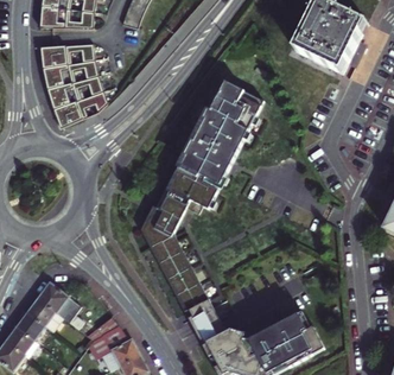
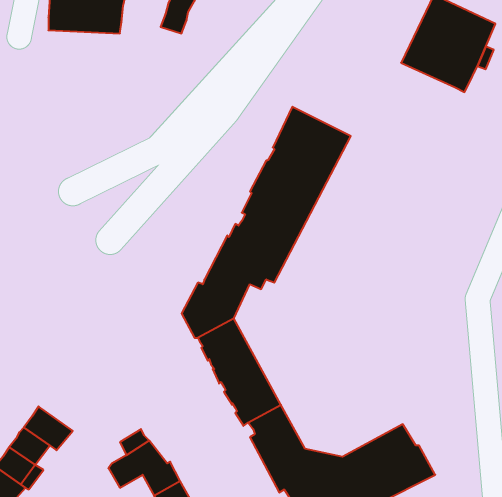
building: [42,40,109,127] -> none
building: [34,282,77,320] -> none

